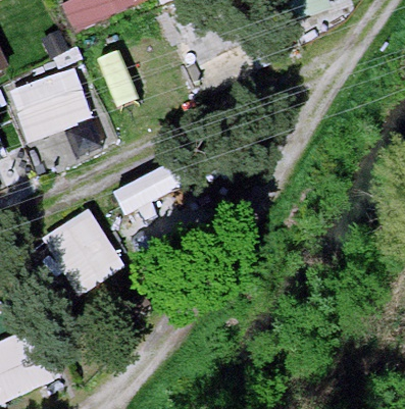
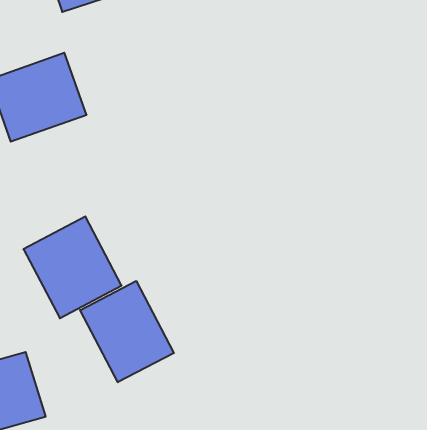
building: none -> [80,281,174,382]

